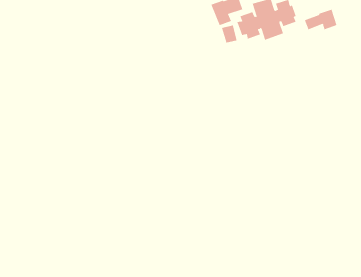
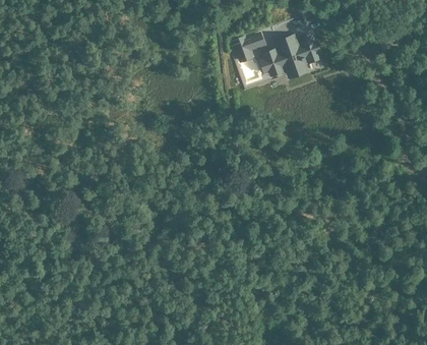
building: [304,9,337,30] -> none

